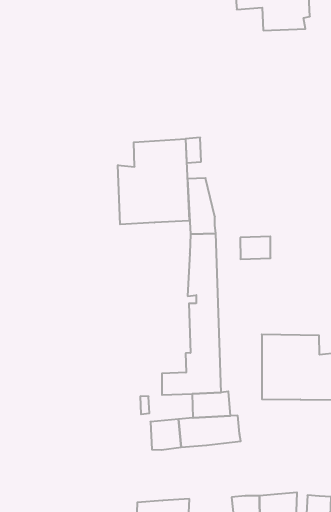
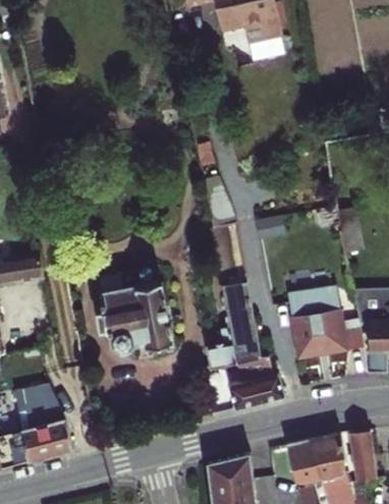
building: [118,139,189,224] -> none
building: none -> [93,266,172,355]

